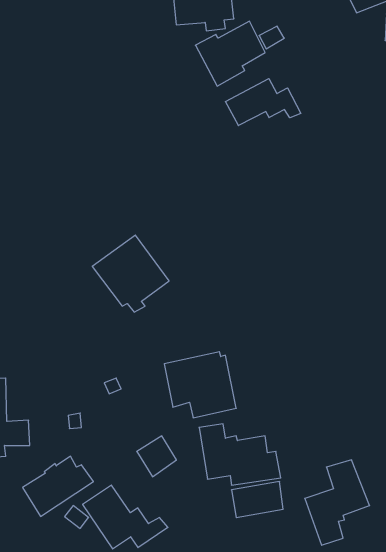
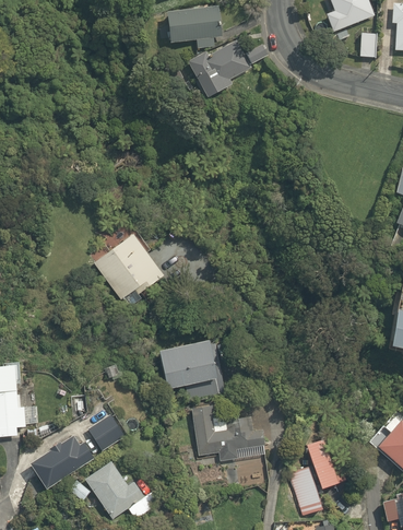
building: [225,79,301,126] -> none
building: [137,436,176,477] -> [88,414,125,451]

